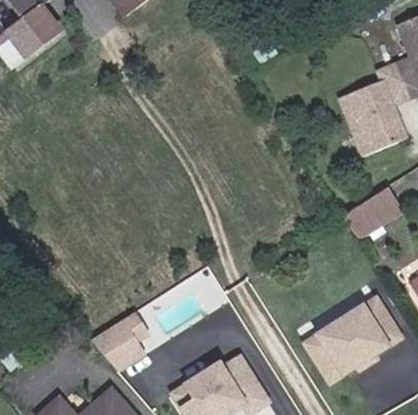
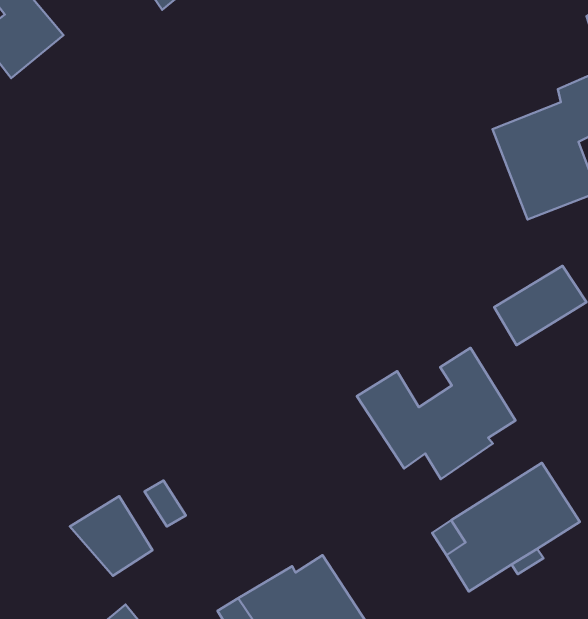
building: none -> [357,348,516,479]

